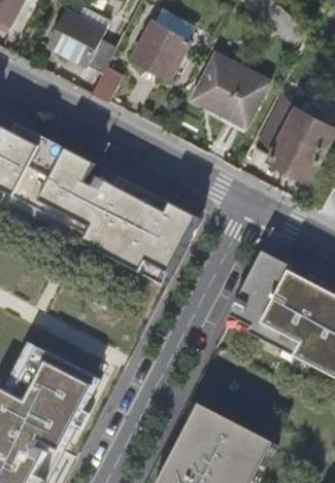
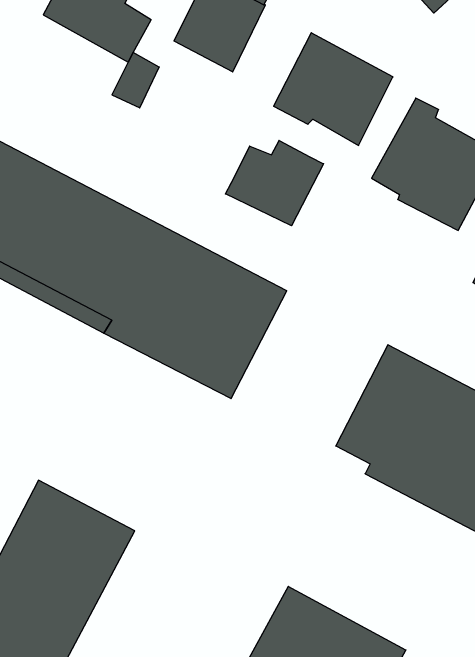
building: none -> [225,140,324,226]

